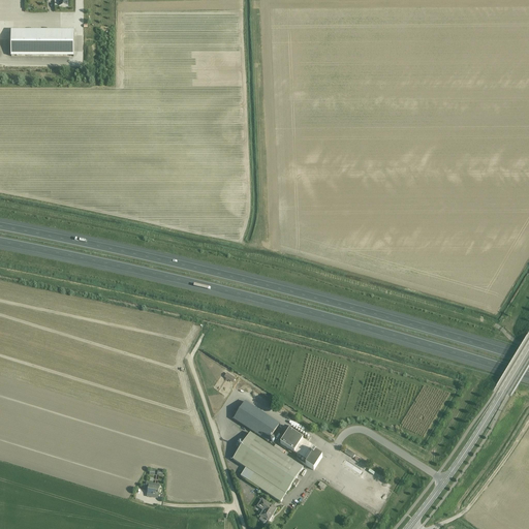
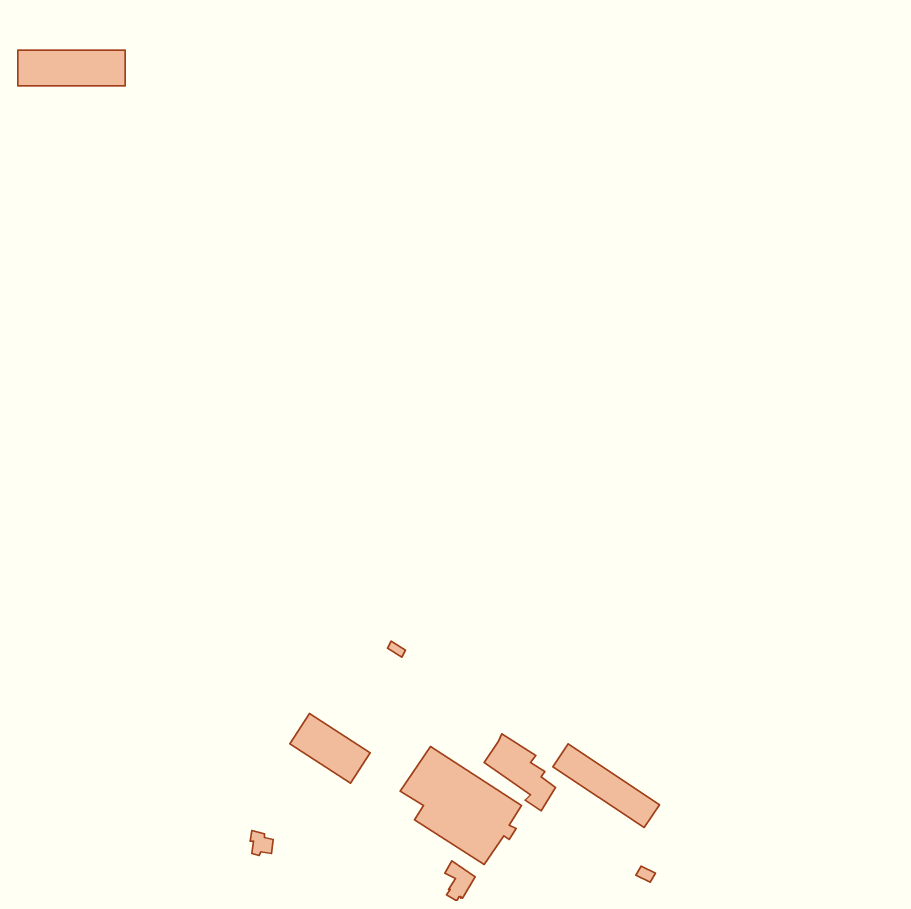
building: [232,400,279,440] -> [290,713,370,783]
building: none -> [553,744,659,828]

